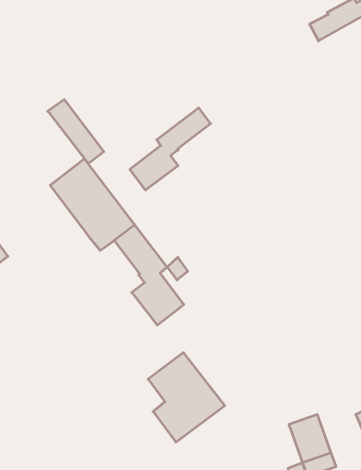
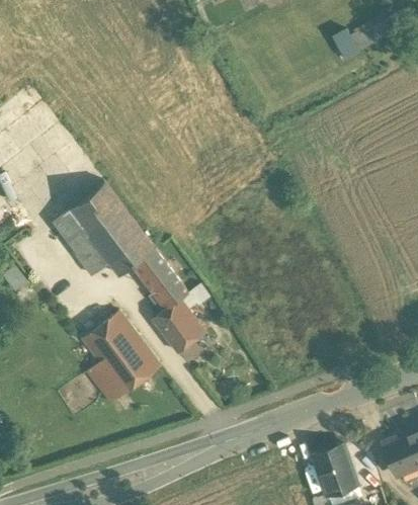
building: [48,100,104,163] -> [51,209,108,275]
building: [130,108,211,190] -> none
building: [148,353,225,442] -> [82,312,161,404]

